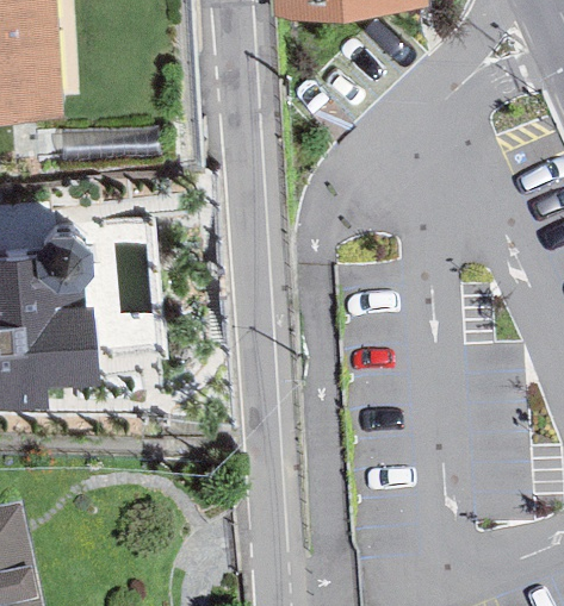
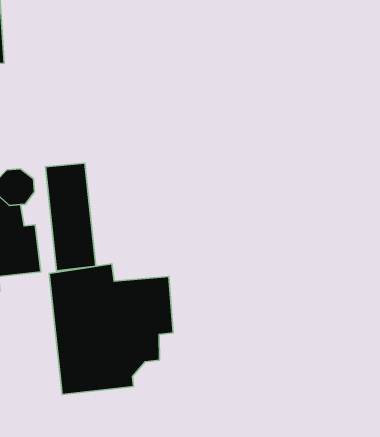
building: none -> [49,264,173,395]

